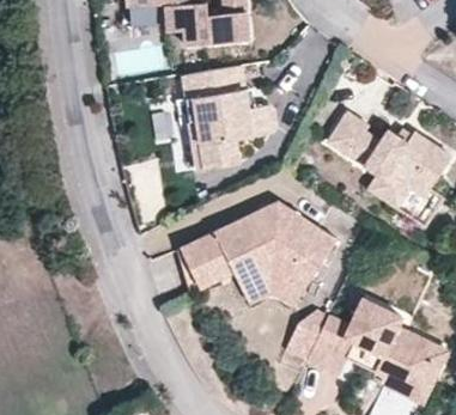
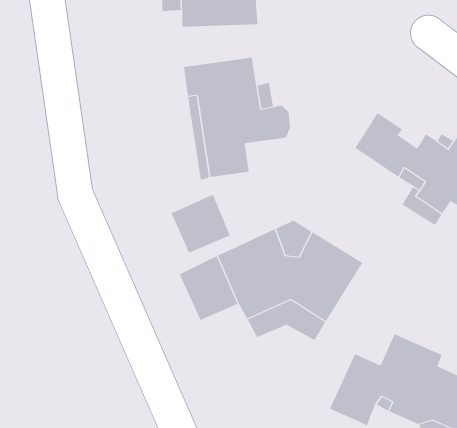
building: none -> [171,194,230,254]
building: [285,306,329,360] -> none

